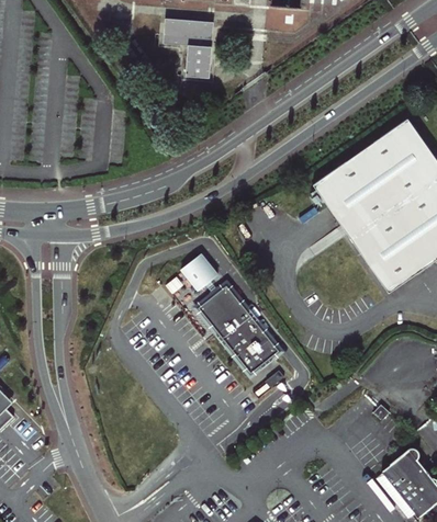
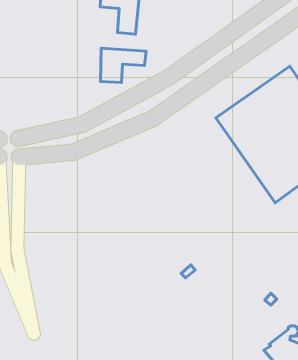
building: none -> [100,48,146,82]
building: [182,253,280,373] -> none

